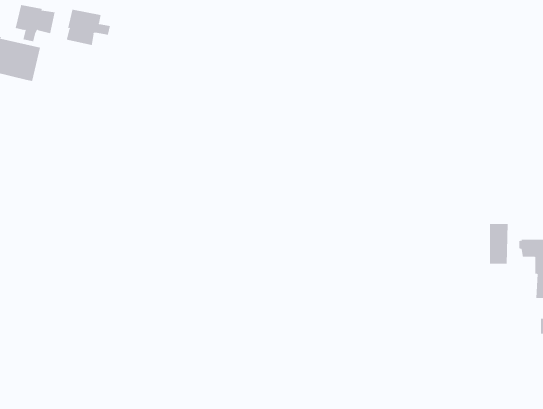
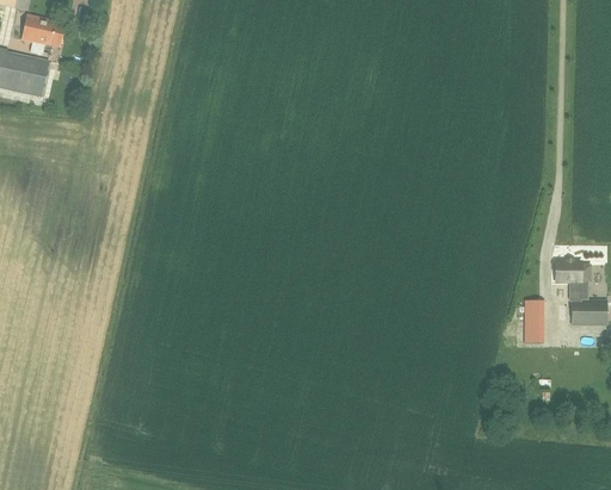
building: [66,9,111,46] -> none
building: [489,223,509,264] -> [524,299,544,342]

